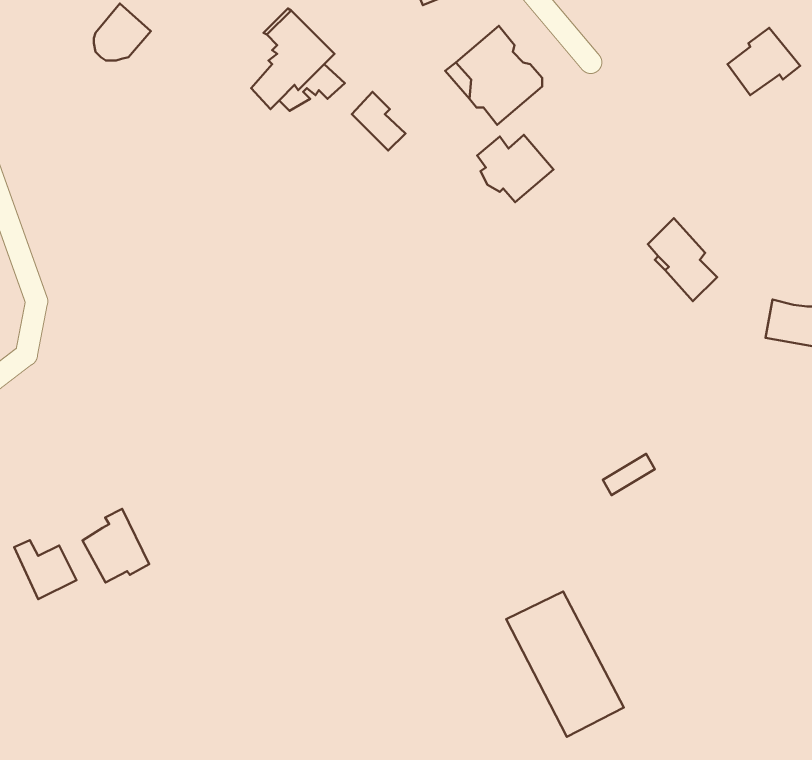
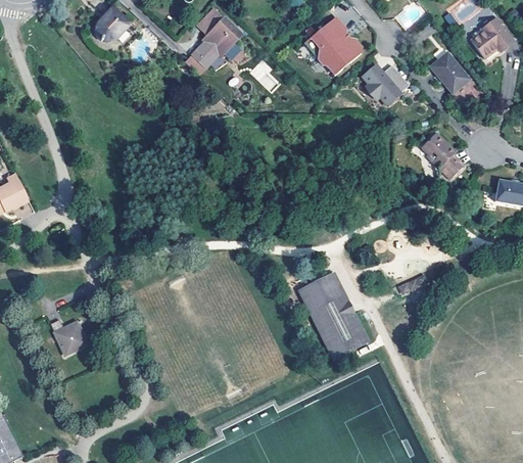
building: none -> [431,53,470,93]
building: [477,135,553,202] -> [366,65,411,105]
building: [83,509,149,583] -> none
building: [506,591,624,737] -> [294,275,364,361]

